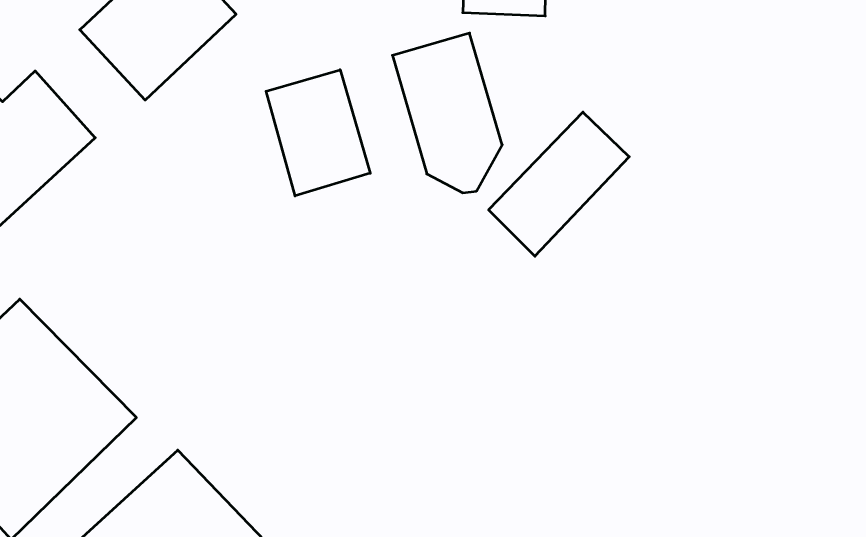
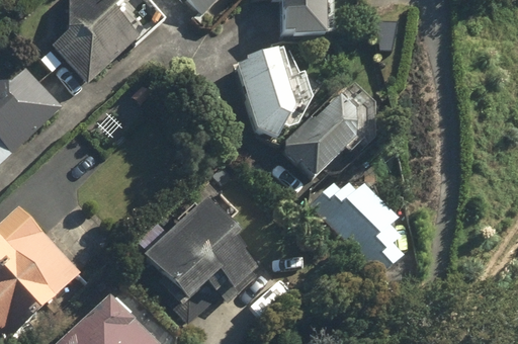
building: [266,70,370,196] -> none
building: none -> [312,174,402,276]
building: none -> [146,199,262,299]

